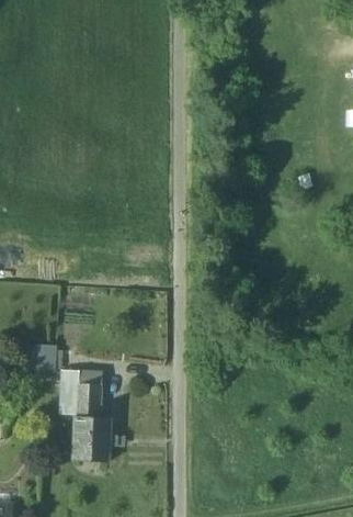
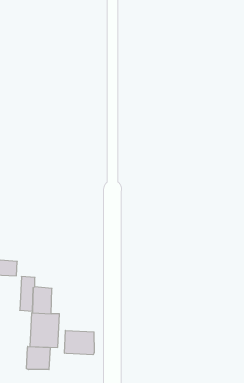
building: none -> [65,330,94,355]
building: none -> [27,346,50,370]

